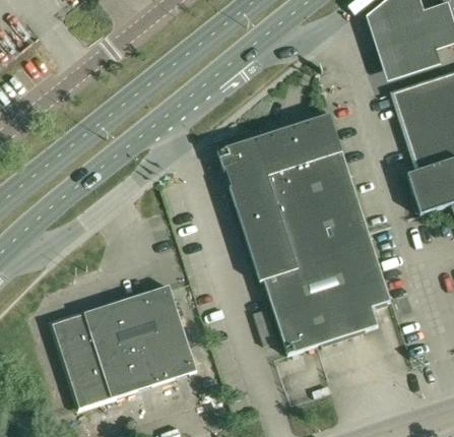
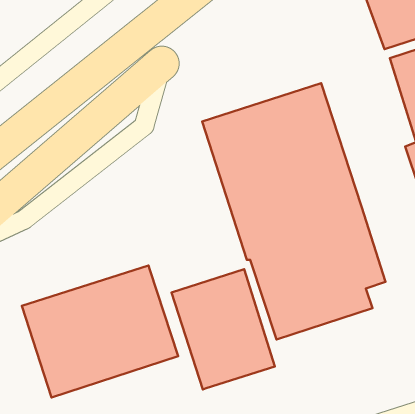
building: none -> [171,269,275,389]

